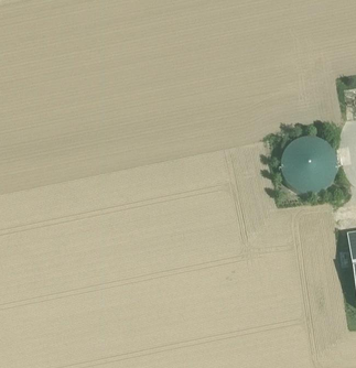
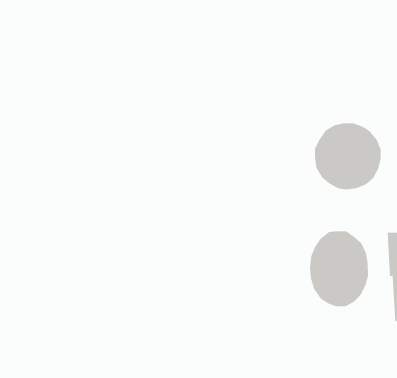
building: none -> [310,230,369,307]

